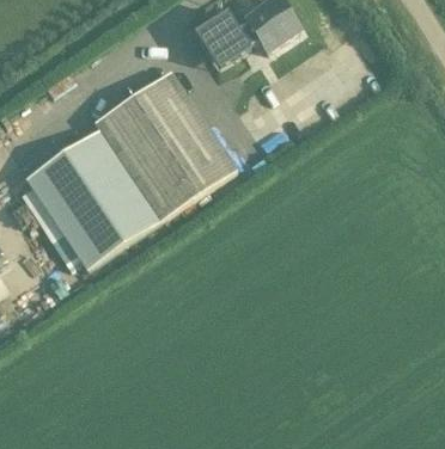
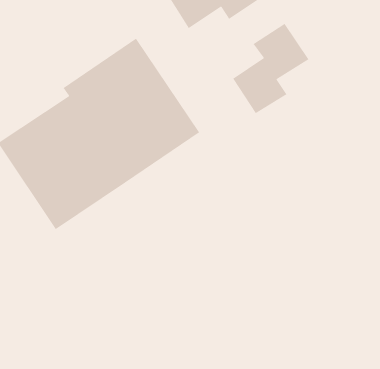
building: none -> [232,23,309,114]

